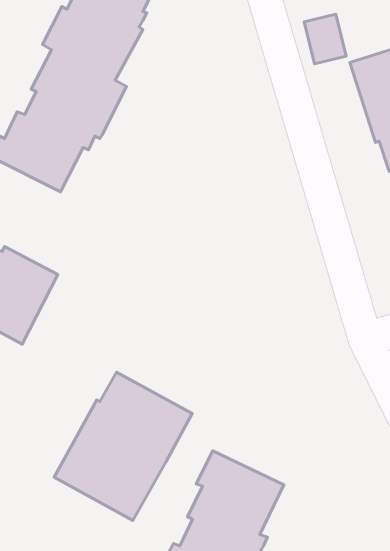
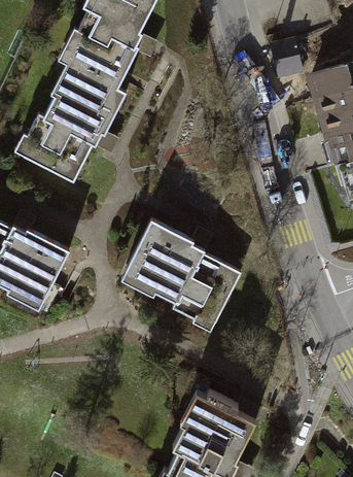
building: none -> [122,216,239,332]
building: [54,372,192,520] -> none

